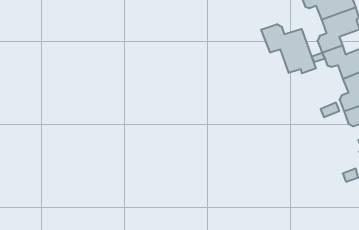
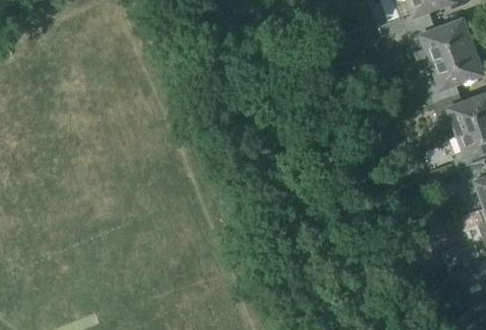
building: [261,24,316,73] -> none

